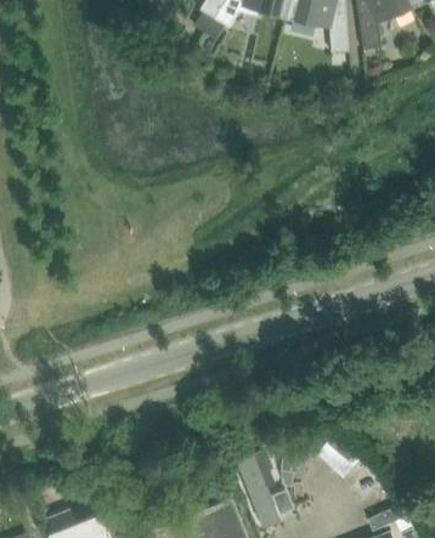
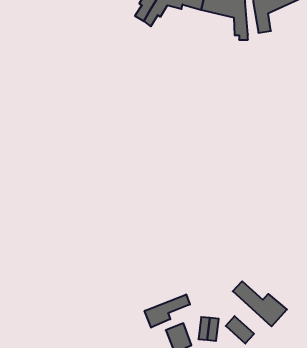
building: none -> [233,281,287,326]
building: none -> [145,294,190,328]

